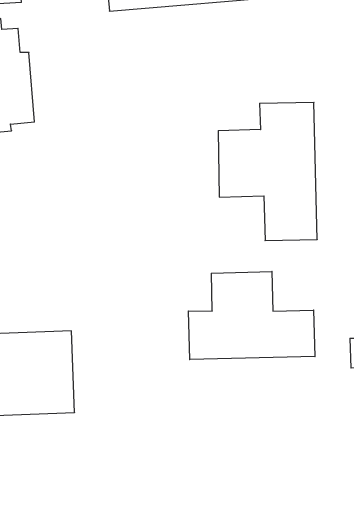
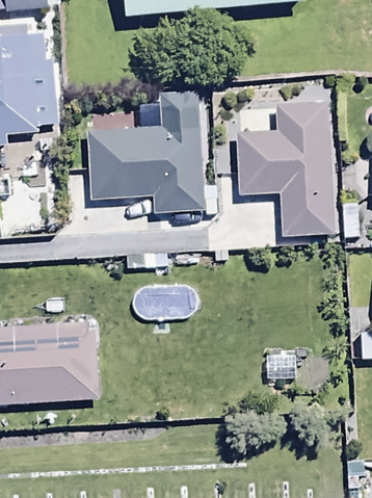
building: none -> [85,109,204,214]
building: [188,271,315,360] -> none

